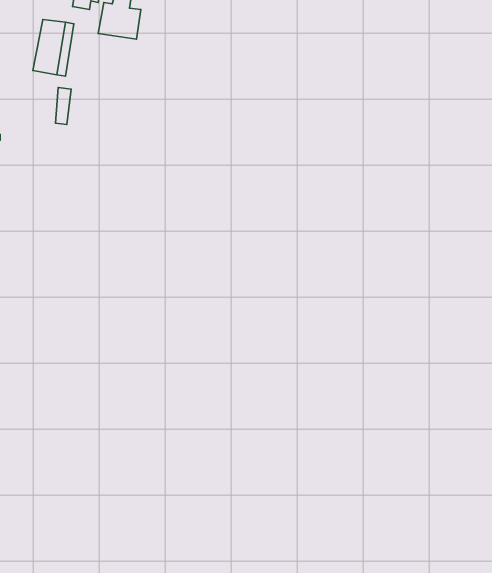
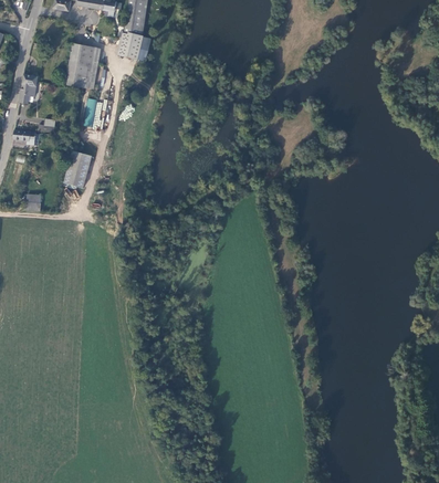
building: none -> [63,149,91,188]

